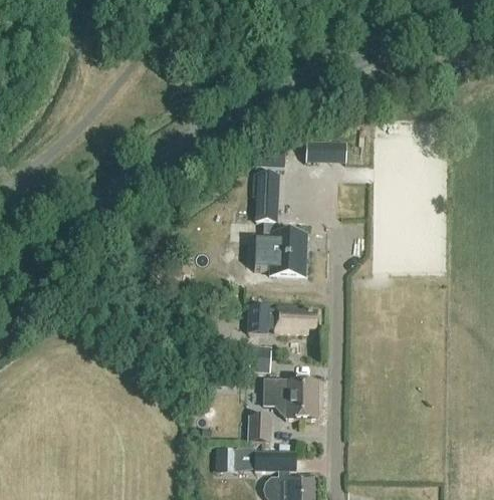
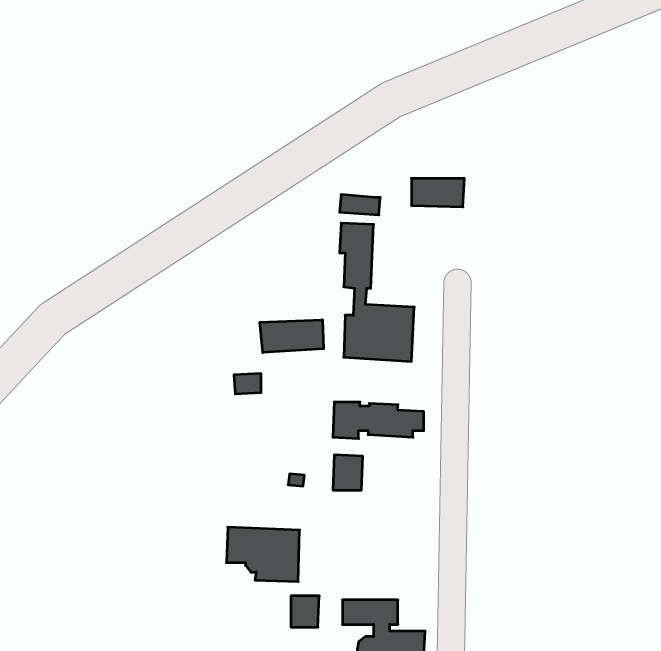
building: none -> [260,320,324,353]
building: [263,379,317,419] -> [226,527,300,582]
building: [248,415,270,441] -> none

